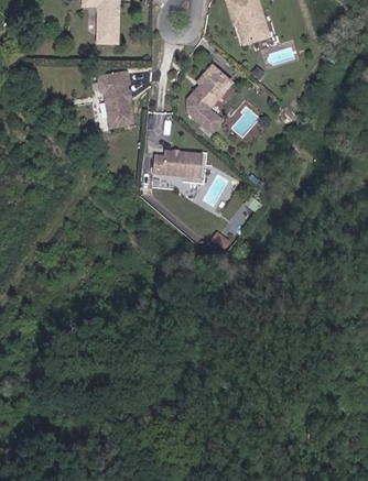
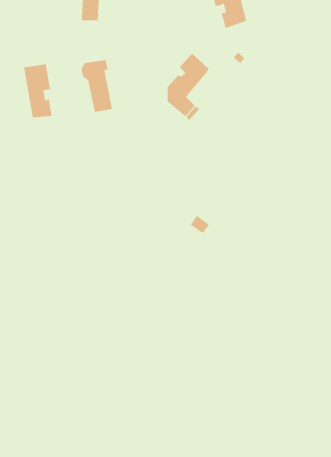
building: none -> [23,63,52,118]
building: [151,150,201,178] -> none

